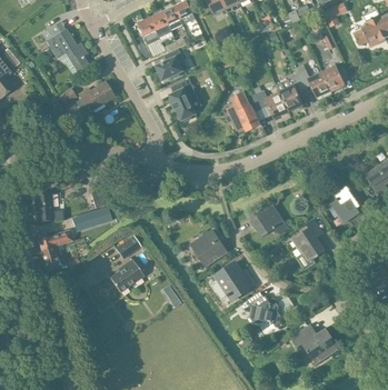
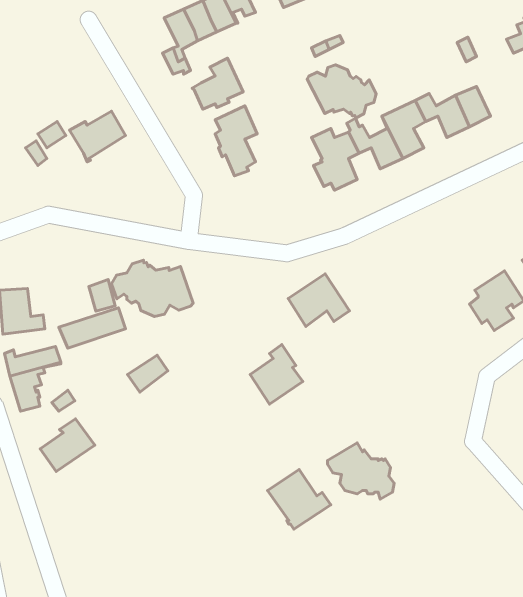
building: [41,28,88,71] -> none
building: none -> [307,65,376,118]
building: none -> [111,260,193,316]
building: [250,204,289,238] -> [288,274,350,327]
building: [292,220,325,270] -> none
building: [109,259,143,292] -> [40,419,95,472]
building: [215,262,255,300] -> [268,470,331,529]
building: [291,326,337,359] -> none

